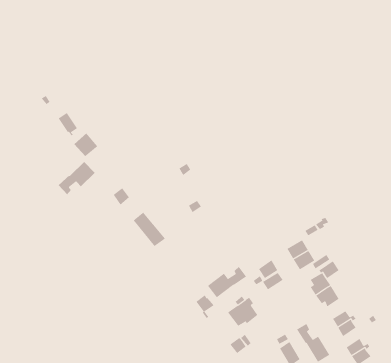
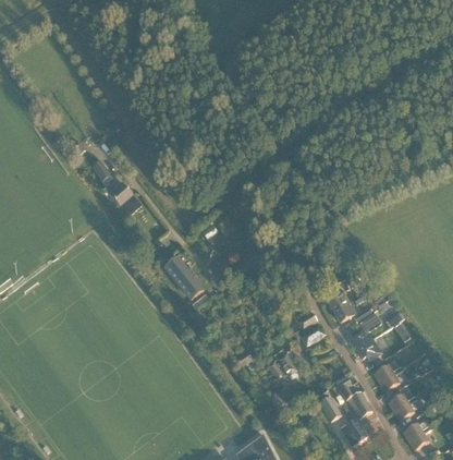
building: [58,161,95,195] -> none
building: [207,266,247,298] -> none

